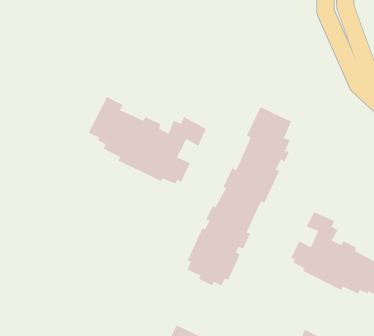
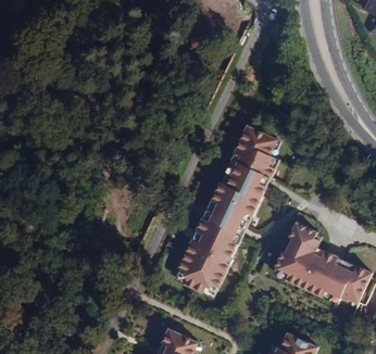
building: [88,96,206,184] -> none

